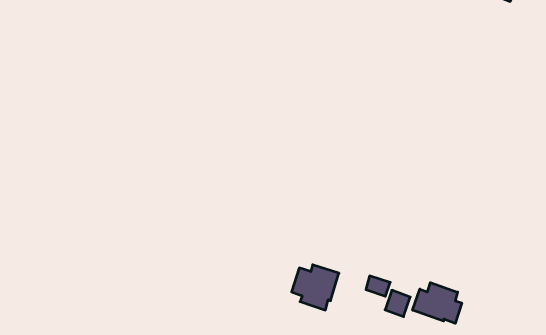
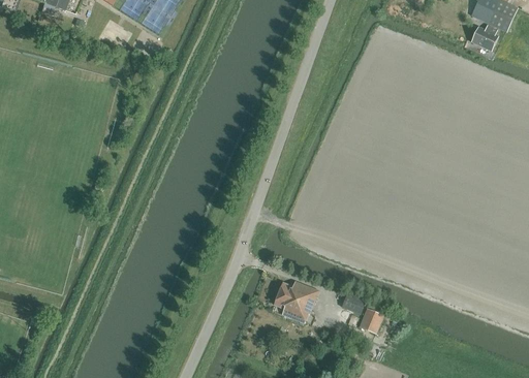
building: [413,283,462,323] -> none

